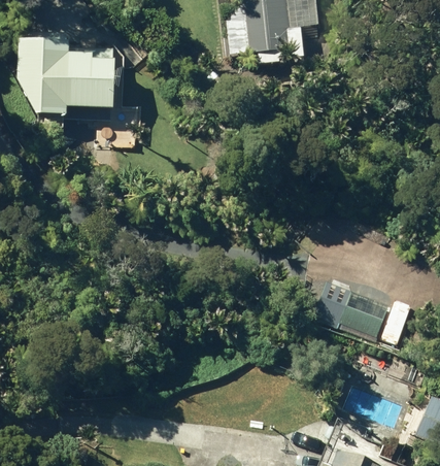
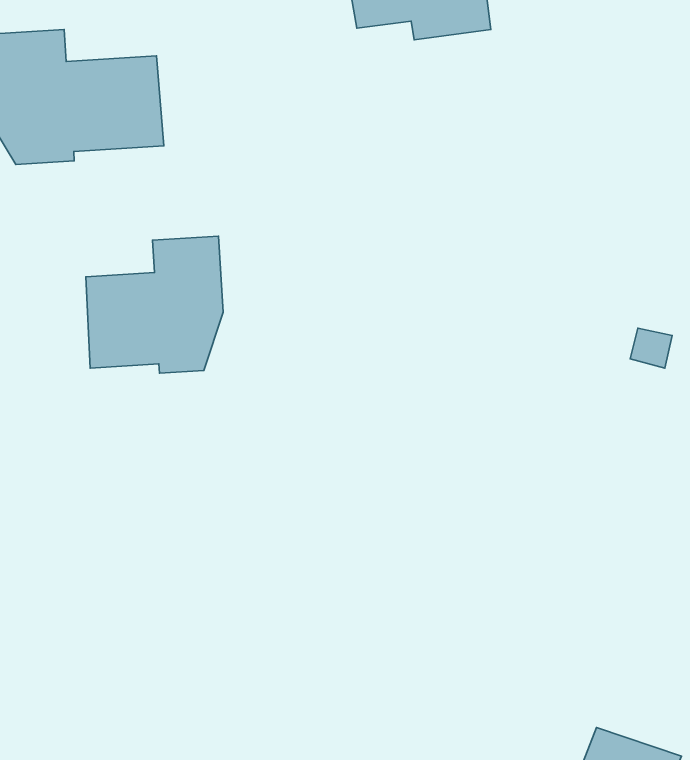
building: none -> [86,236,223,373]

